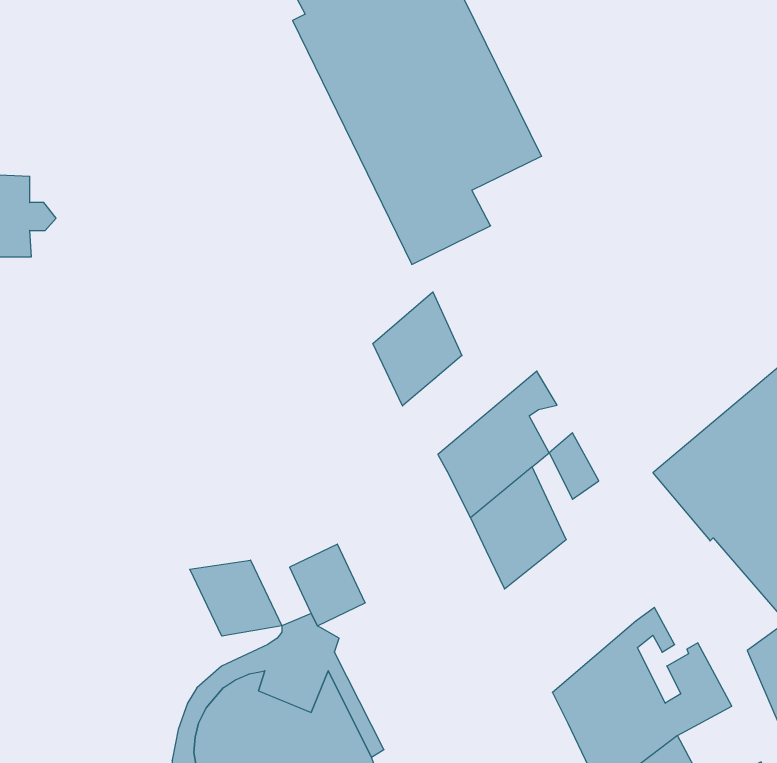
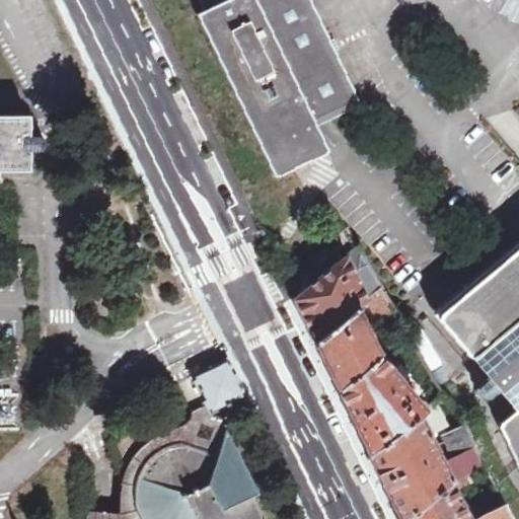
building: [373,292,462,406] -> none
building: none -> [338,356,424,456]
building: [190,560,282,636] -> none

